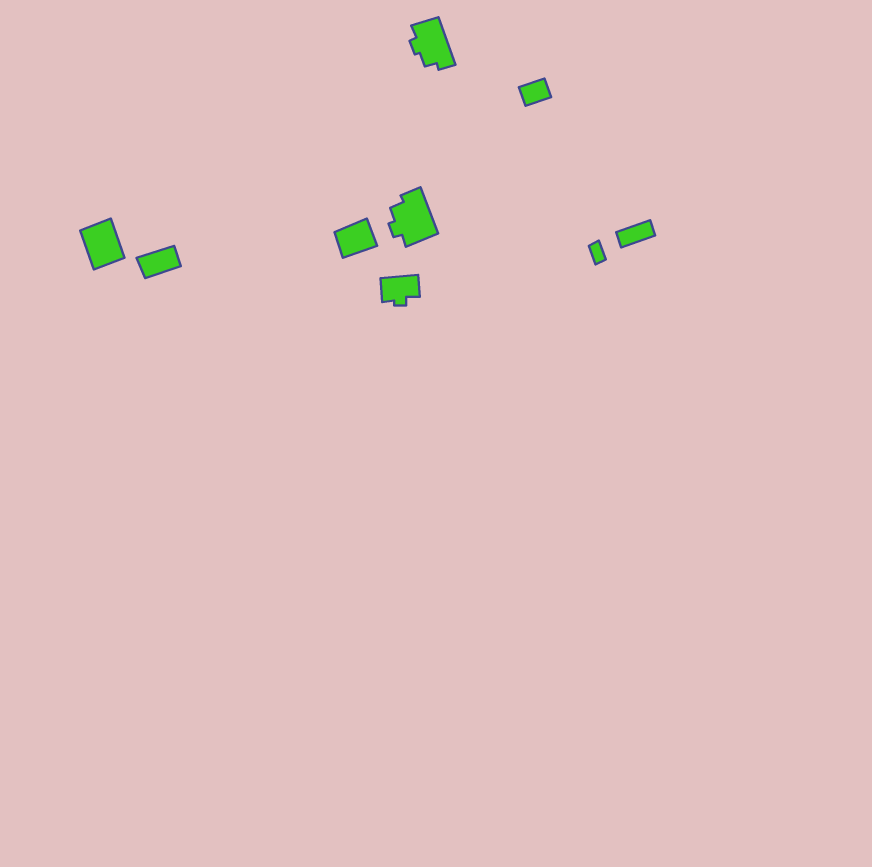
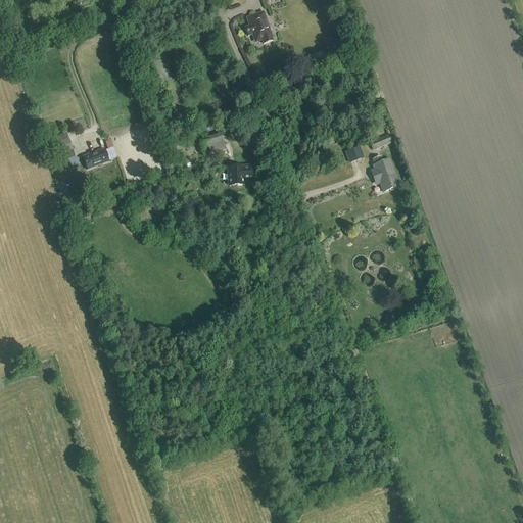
building: [389,187,438,247] -> none
building: none -> [371,155,398,189]

